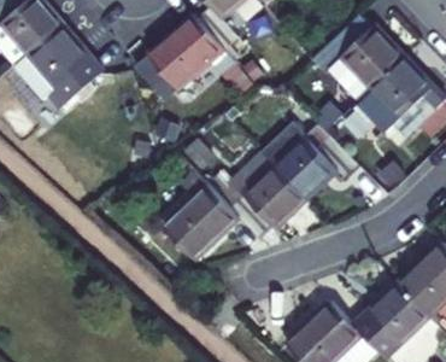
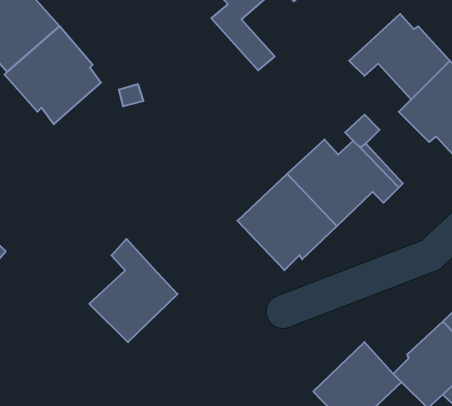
building: [147,16,235,89] -> none
building: [162,170,239,261] -> [89,239,178,342]

